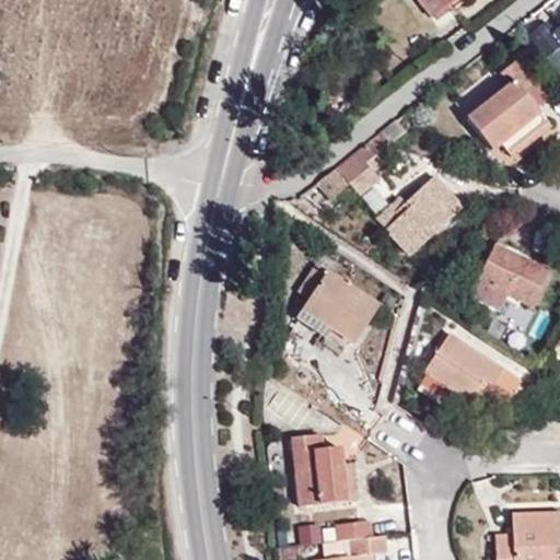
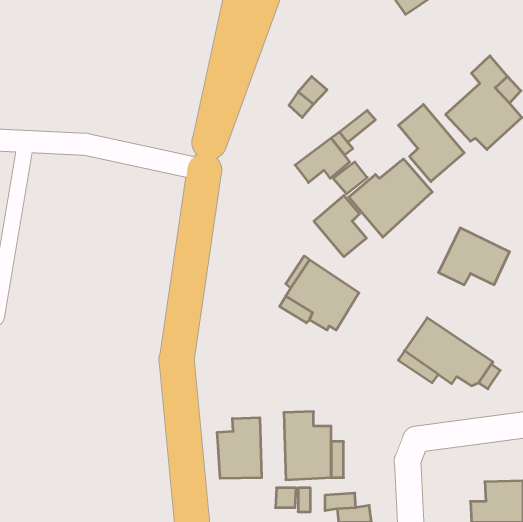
building: none -> [398,104,464,182]
building: none -> [314,195,366,257]
building: none -> [217,418,262,478]

